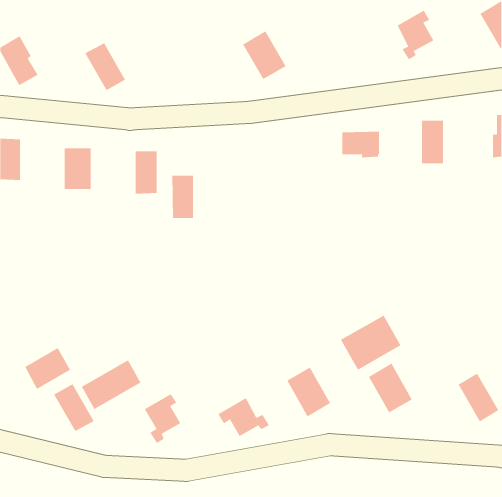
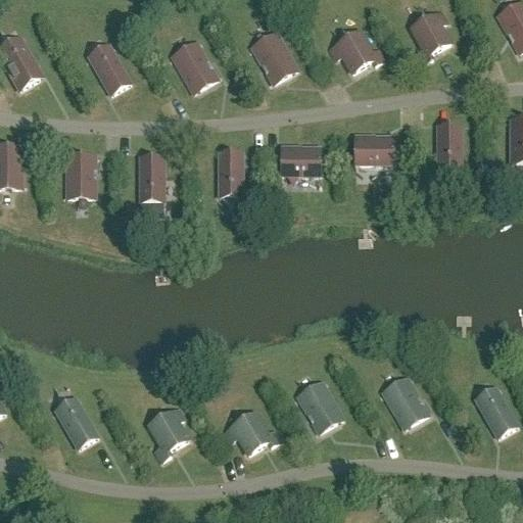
building: none -> [330,31,383,72]
building: none -> [172,41,218,92]
building: none -> [281,147,321,174]
building: [171,175,194,219] -> [219,151,242,196]
building: [340,315,401,370] -> none
building: [25,347,71,390] -> none
building: [81,359,141,410] -> none

